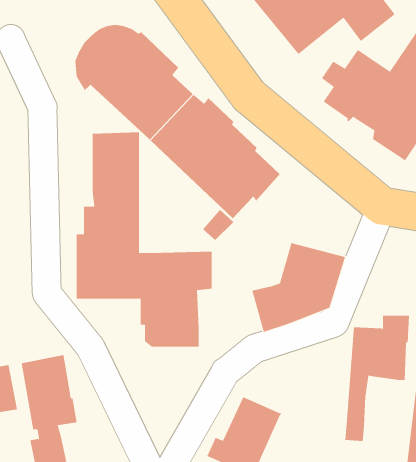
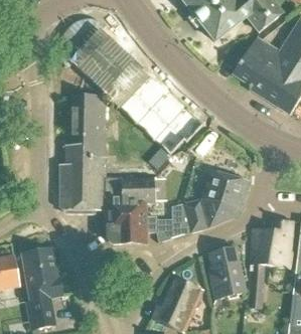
building: none -> [155,203,190,241]
building: none -> [209,246,246,298]

